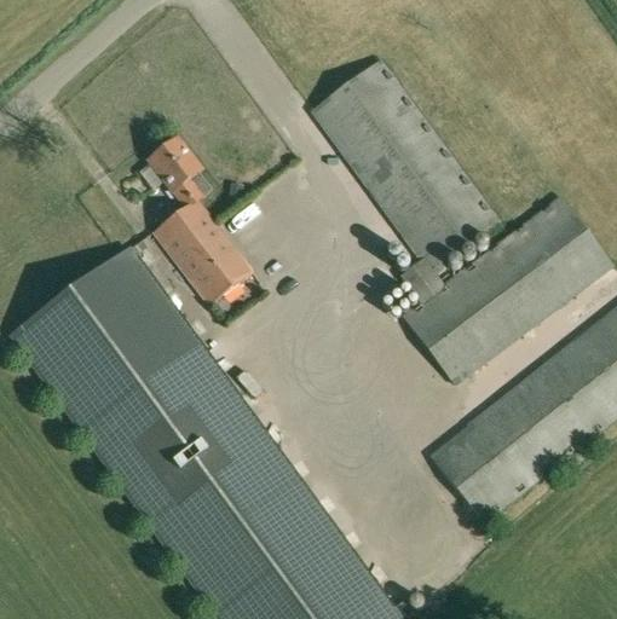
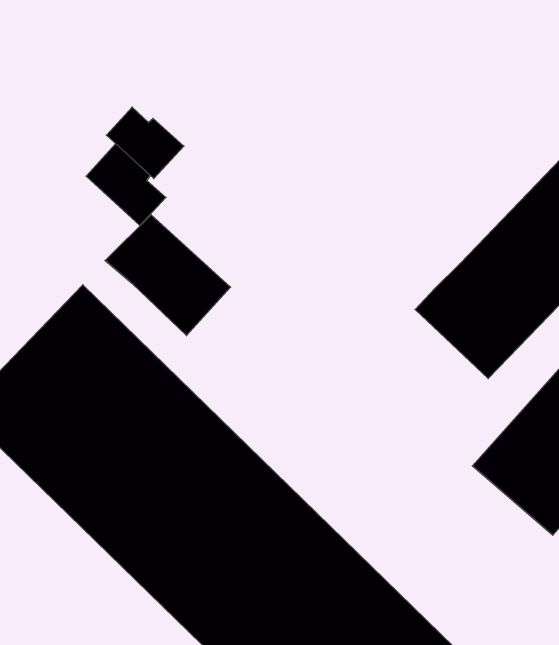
building: [313,57,498,301] -> none
building: none -> [107,107,184,178]

